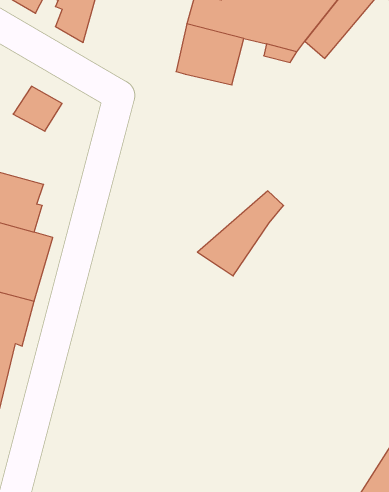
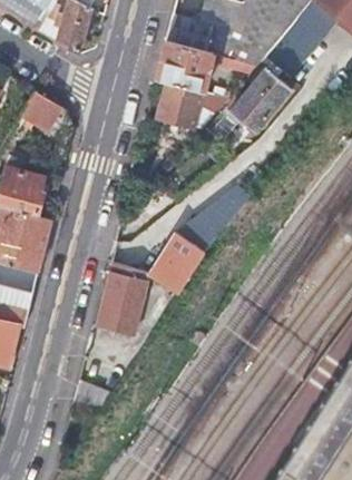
building: none -> [231,61,292,134]
building: none -> [156,82,231,128]
building: none -> [97,232,195,334]

